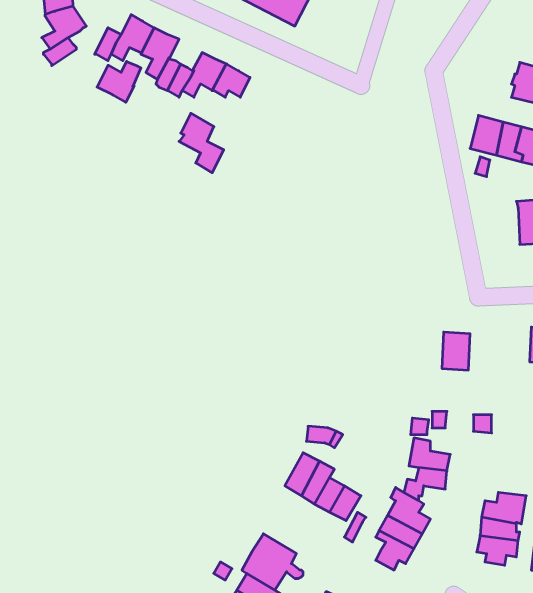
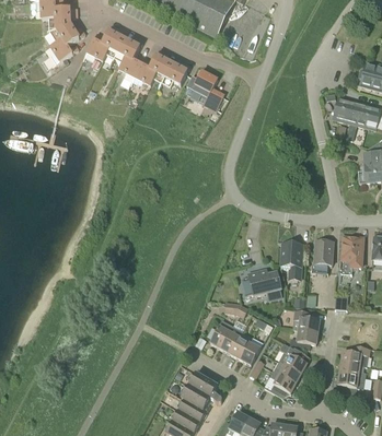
building: [97,61,141,102] -> none
building: [179,113,224,173] -> [194,71,223,110]
building: none -> [342,236,362,266]
building: none -> [281,241,302,279]
building: none -> [241,269,281,295]

